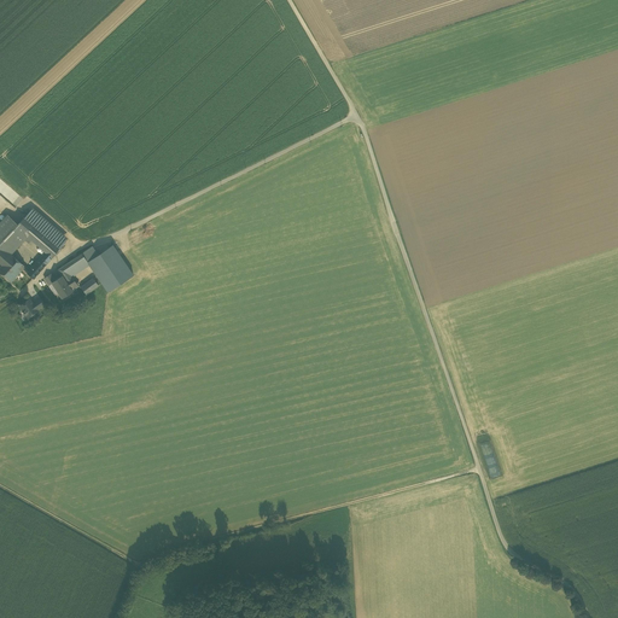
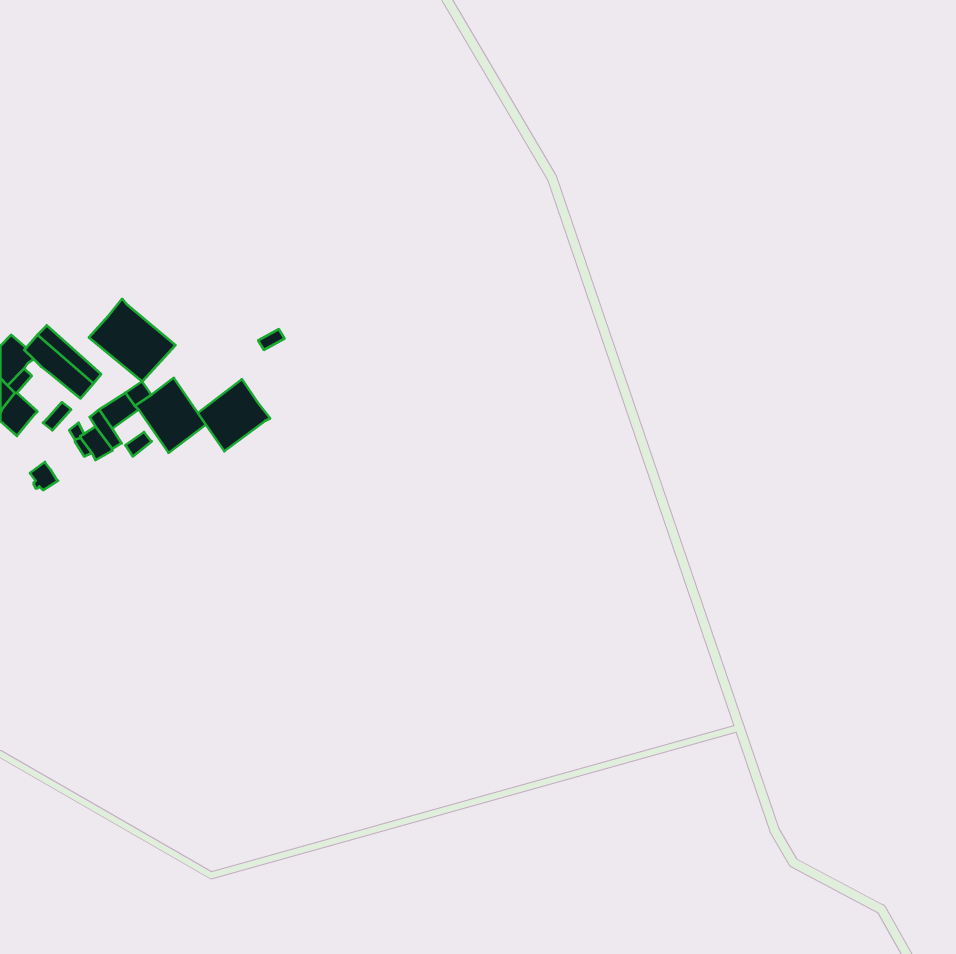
building: none -> [89,299,175,382]
building: none -> [198,379,270,451]

